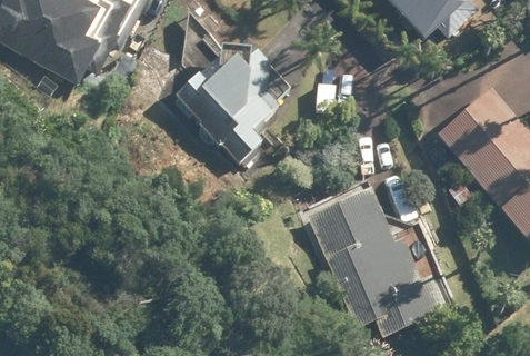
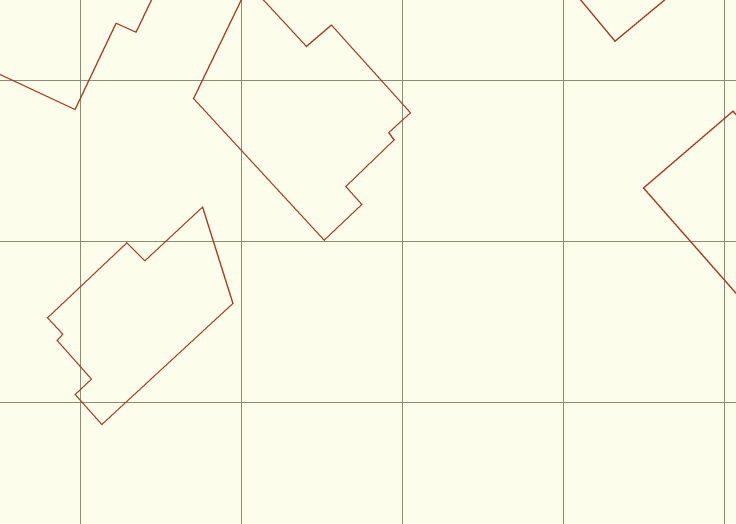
building: none -> [47,207,233,425]
building: [307,184,447,334] -> none

